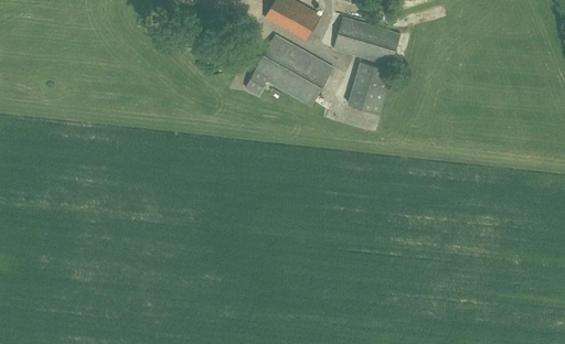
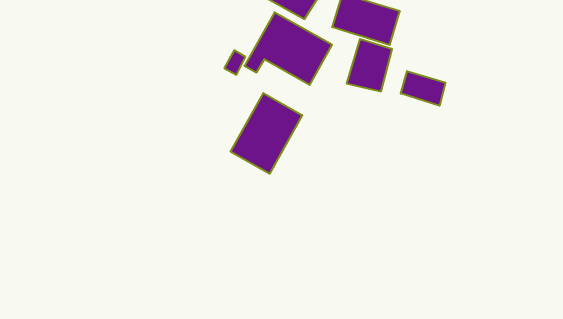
building: none -> [401,71,445,106]
building: none -> [231,93,302,174]

